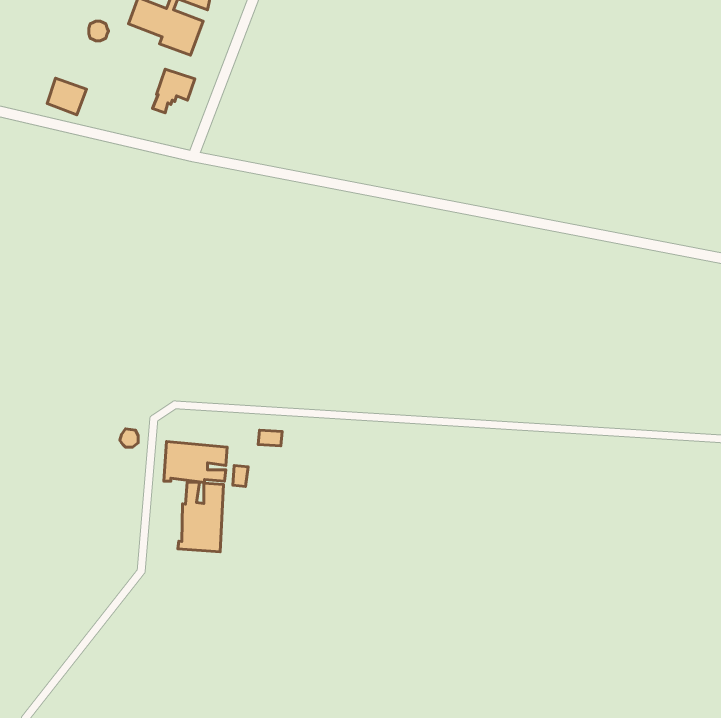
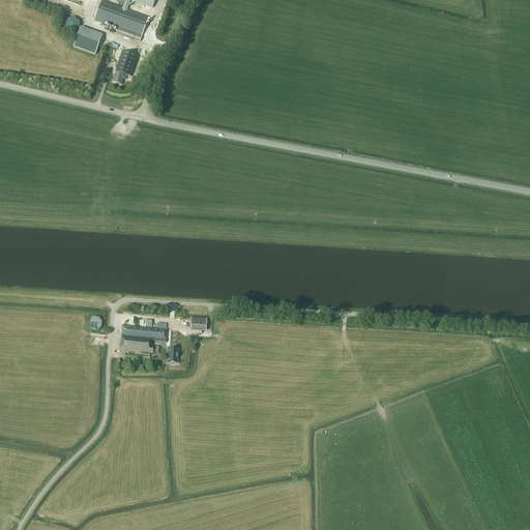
building: [47,78,87,115] -> [75,26,104,53]
building: [178,482,223,552] -> none

